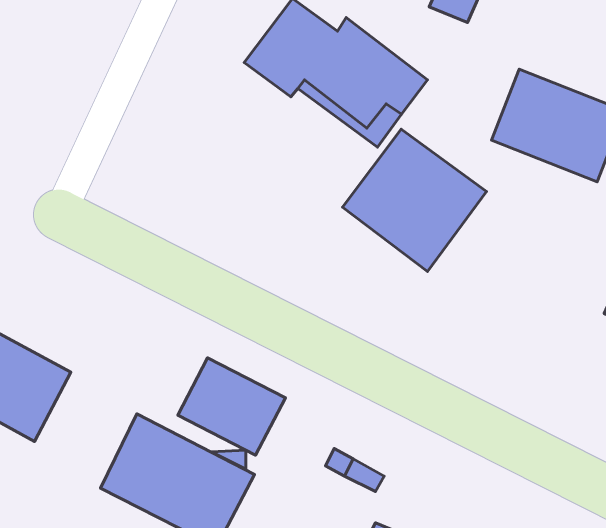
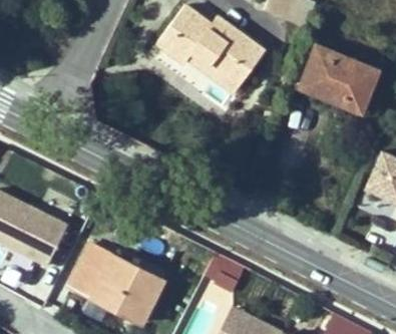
building: [342,129,486,272] -> none
building: [178,358,285,455] -> none

